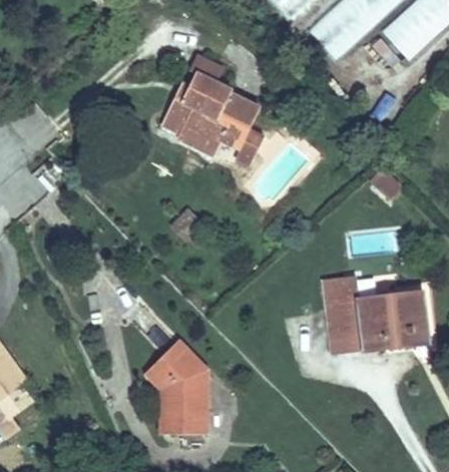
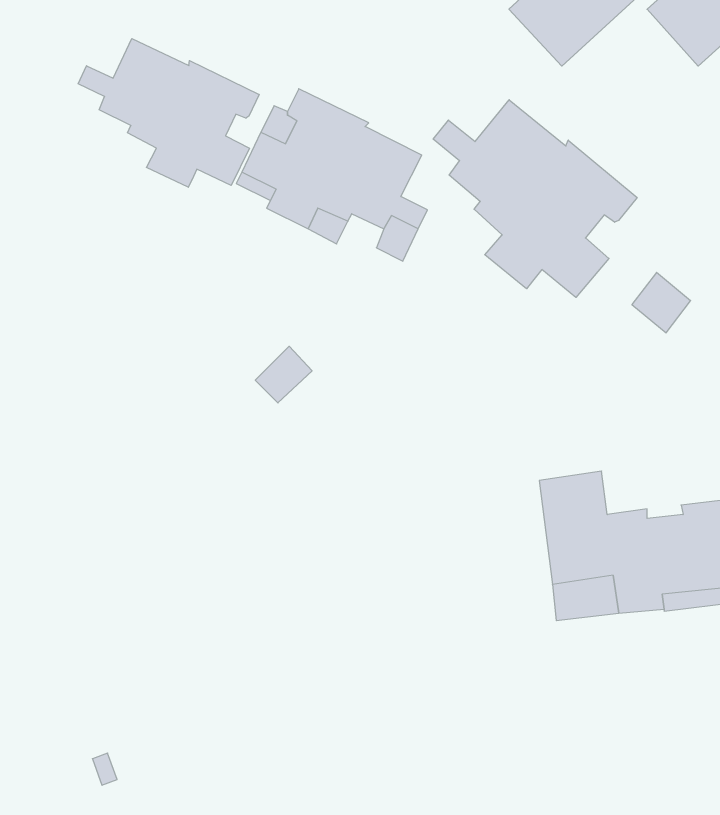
building: none -> [78,39,259,187]
building: none -> [433,100,637,297]
building: [151,340,207,433] -> none

